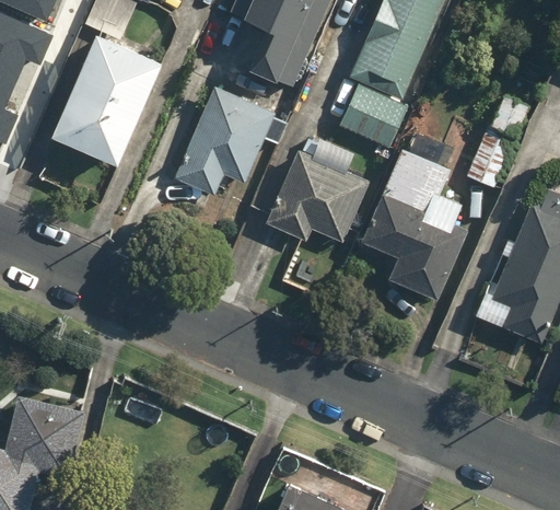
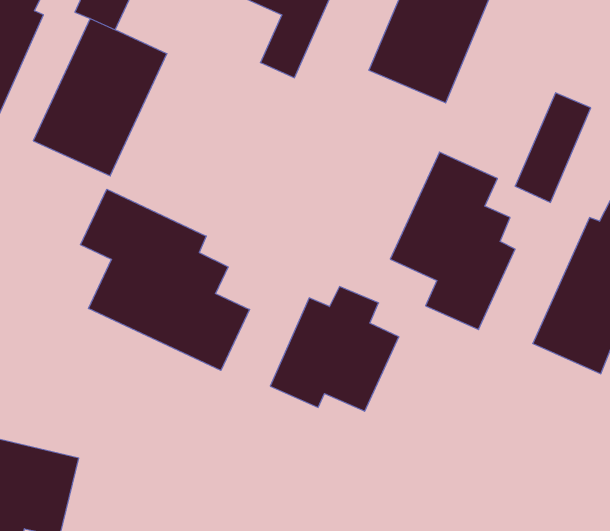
building: [340,83,407,147] -> none
building: [174,86,279,196] -> none
building: [262,139,374,247] -> [270,287,399,411]
building: none -> [81,189,250,370]

